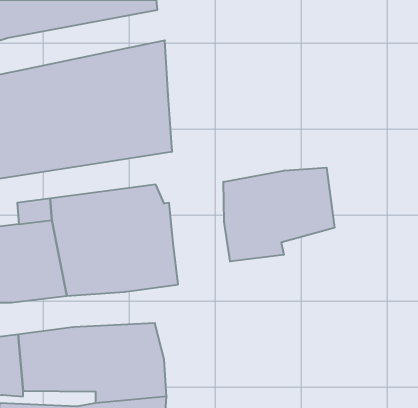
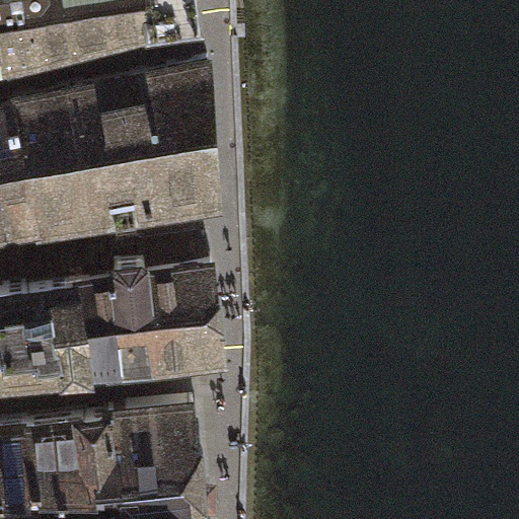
building: [223,168,335,262] -> none

